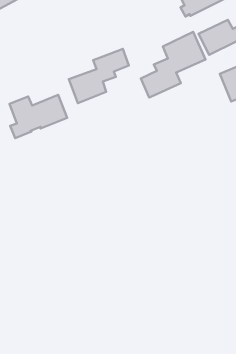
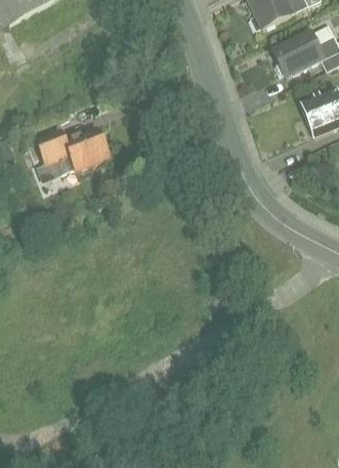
building: [141,32,206,98] -> none
building: [69,49,129,103] -> none

